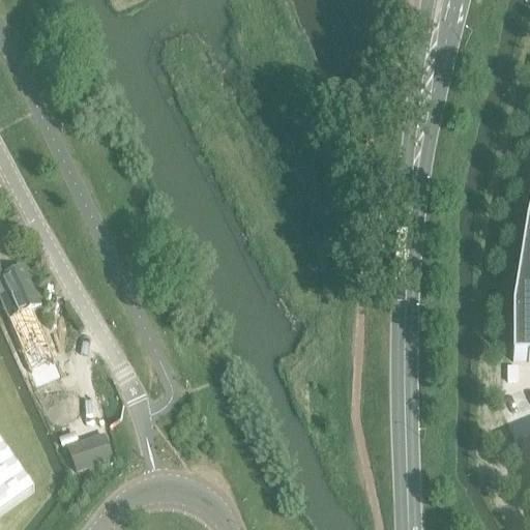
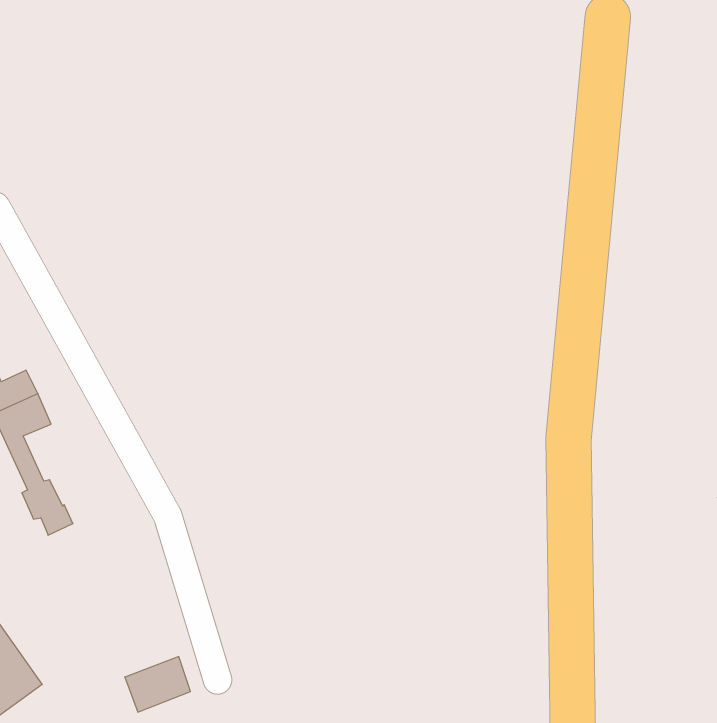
building: [68,429,115,468] -> [125,657,190,712]

